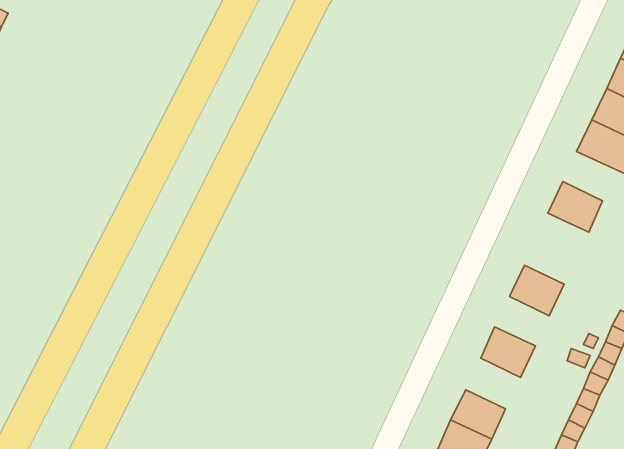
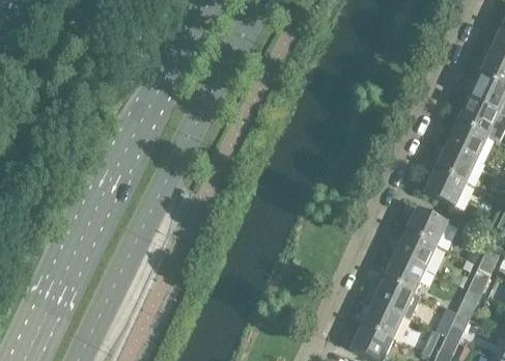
building: none -> [446,121,487,159]
building: none -> [423,168,466,206]
building: none -> [394,231,436,269]
building: none -> [372,278,419,318]

